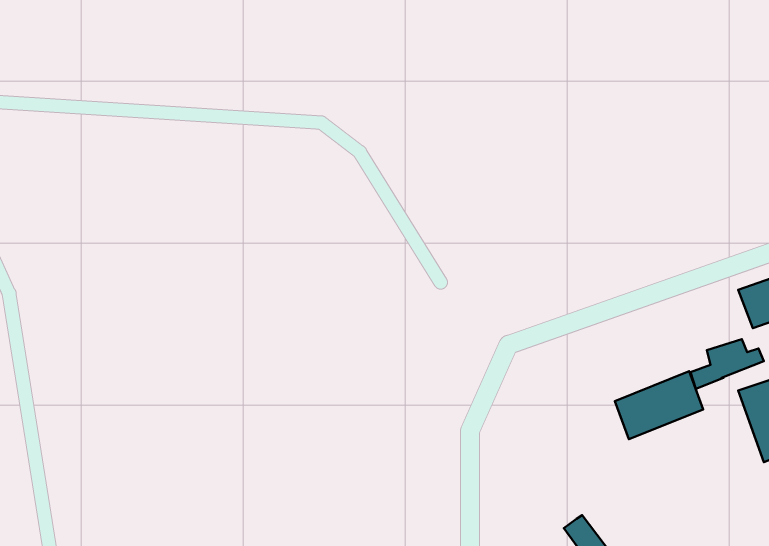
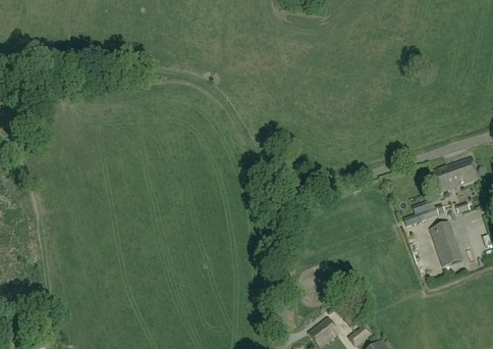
building: [615,371,703,439] -> none

